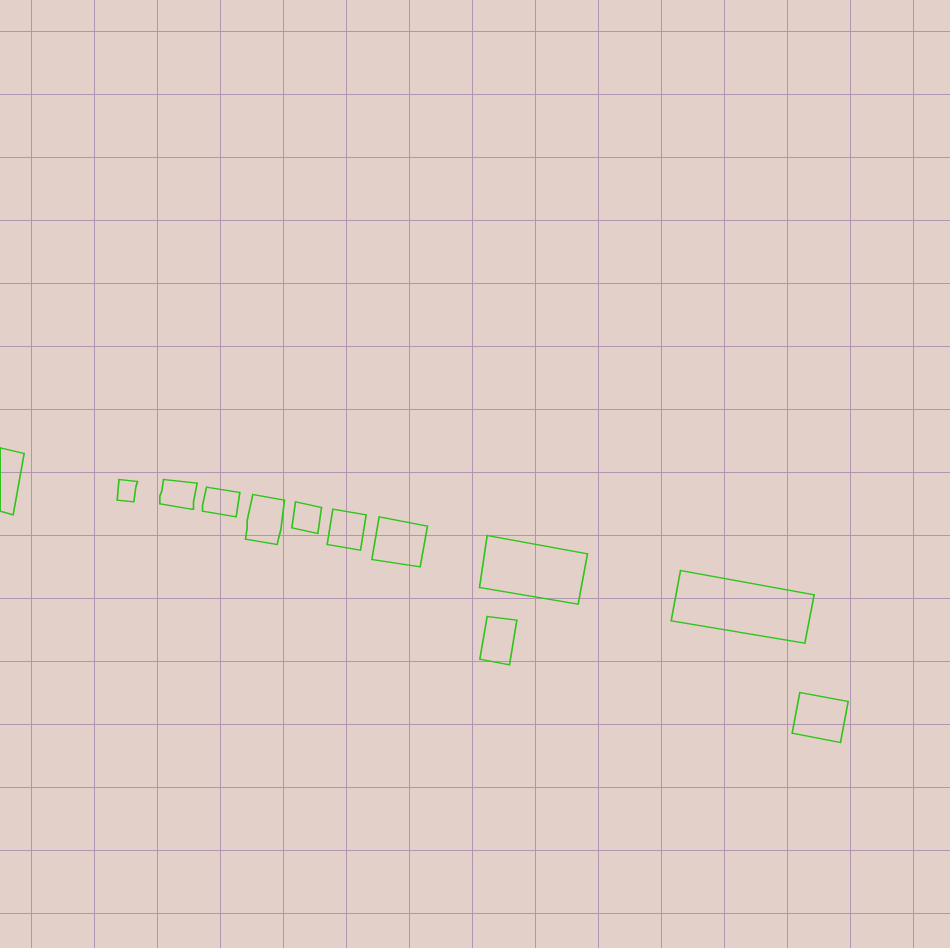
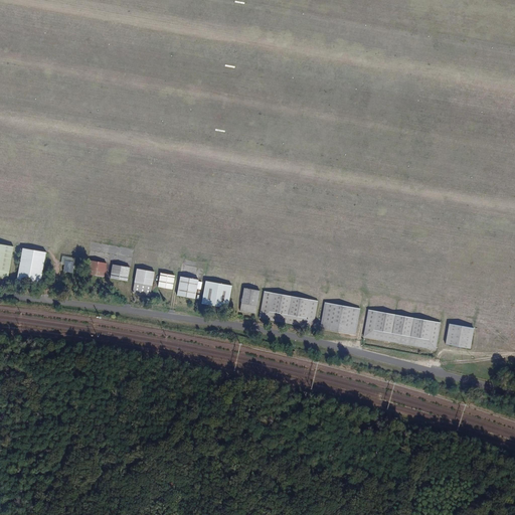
building: none -> [16,247,45,284]
building: none -> [320,302,360,333]
building: [480,616,517,665] -> [239,287,260,313]
building: [792,692,848,743] -> [445,322,475,349]

